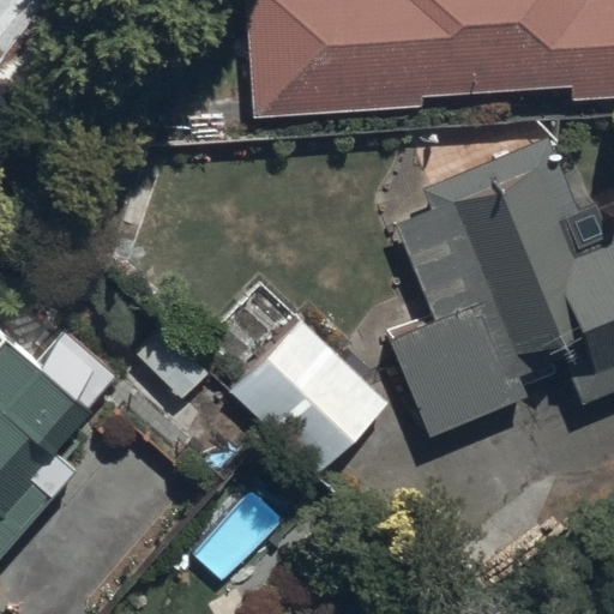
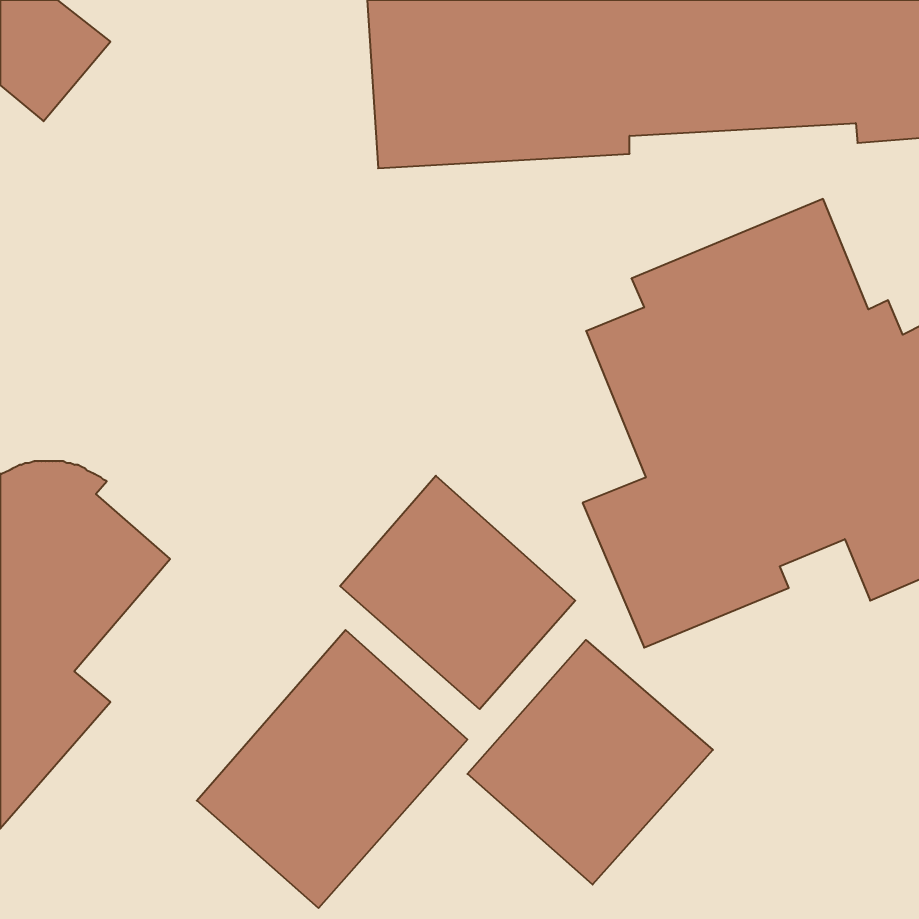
building: none -> [197,630,467,908]
building: none -> [467,640,713,885]

